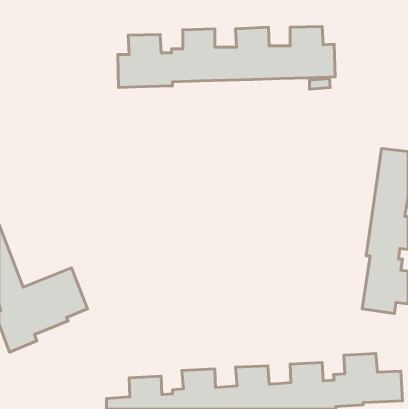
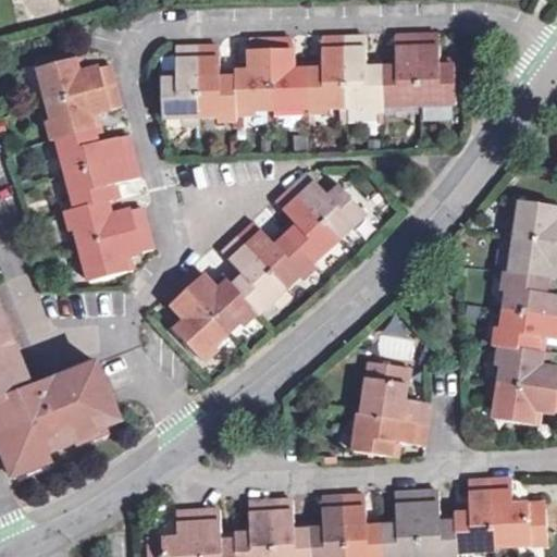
building: none -> [37,57,151,282]
building: none -> [163,173,366,359]
building: none -> [351,362,429,458]

